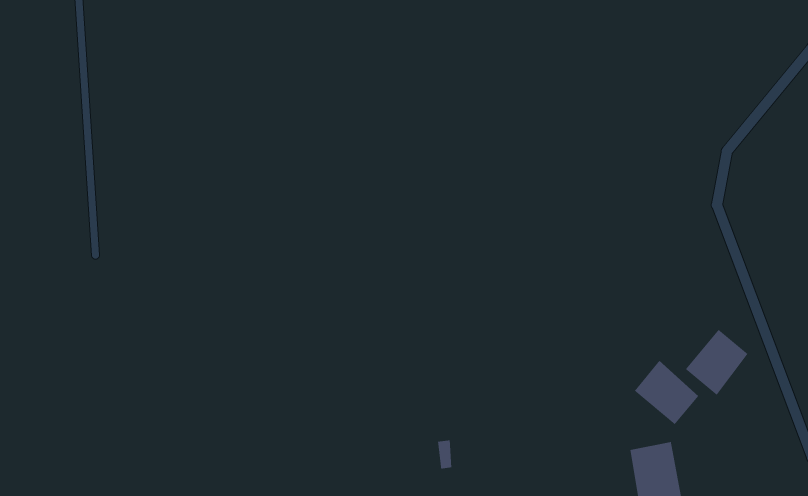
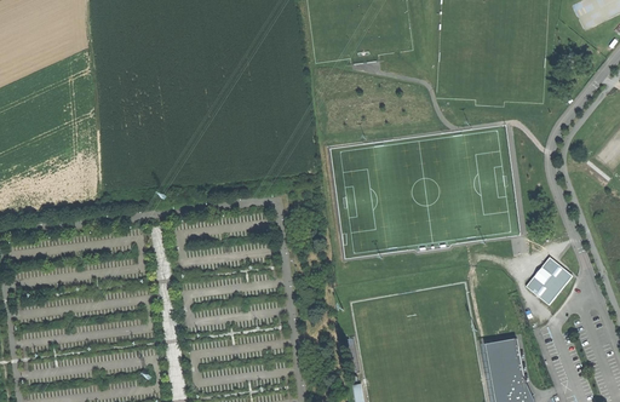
building: [634,360,699,425] -> none

